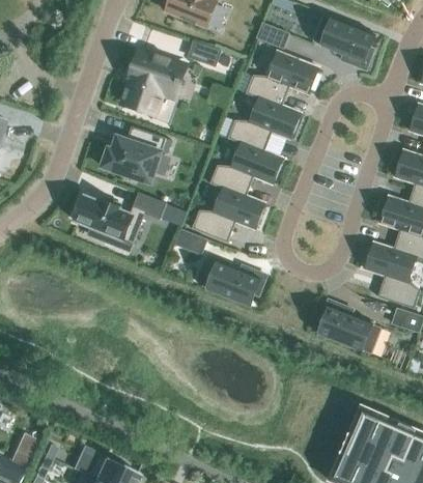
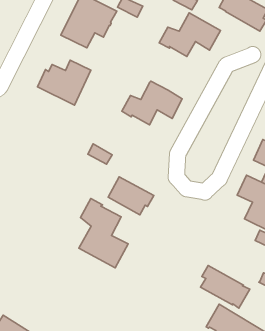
building: [228,96,302,150] -> none
building: [192,187,265,243] -> none
building: [73,194,165,244] -> none
building: none -> [79,198,128,268]
building: [319,305,380,352] -> [200,265,250,308]

